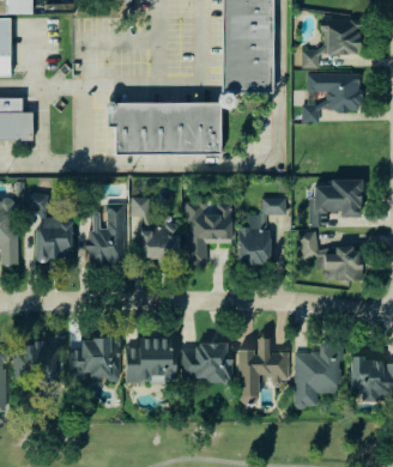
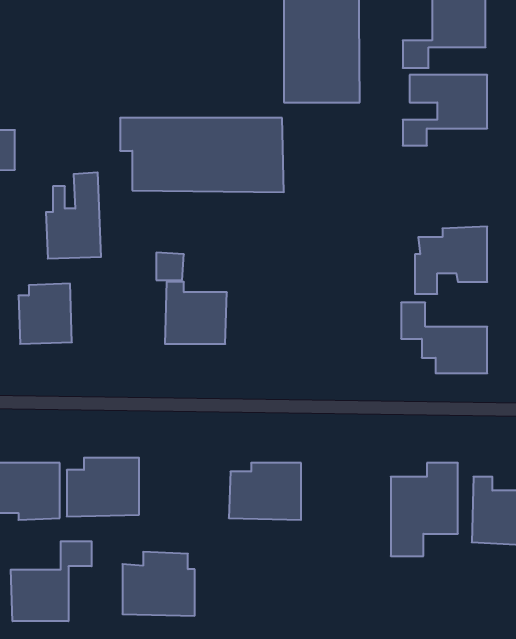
building: [238,198,286,263] -> none
building: [186,200,232,265] -> none
building: [87,202,126,262] -> [46,172,101,259]
building: [126,338,176,382] -> [122,552,195,616]
building: [237,338,290,400] -> none
building: none -> [11,541,92,621]

